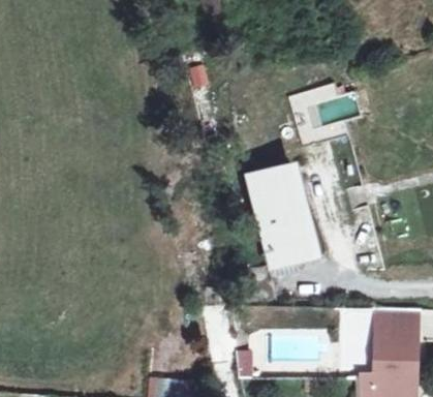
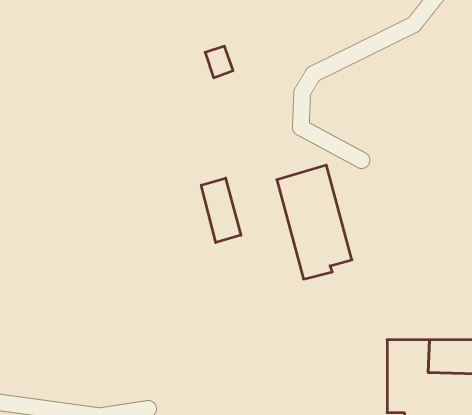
building: none -> [201,178,241,243]

